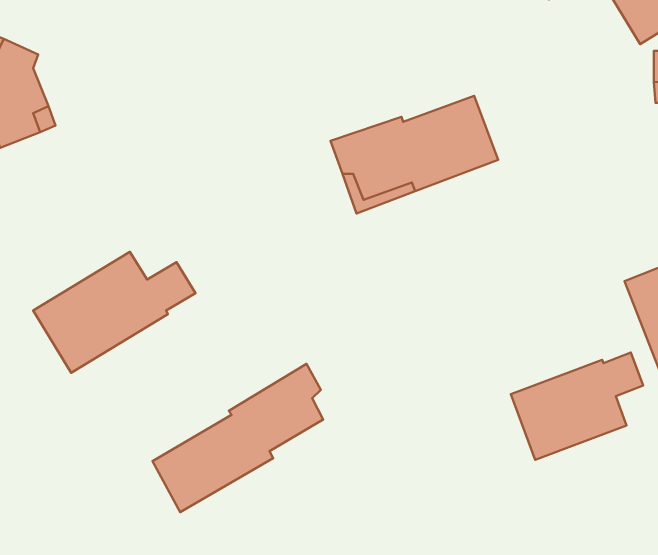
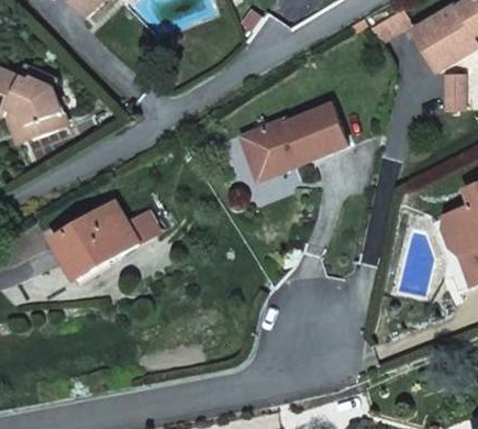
building: [511,353,643,460] -> none
building: [153,364,323,512] -> none

